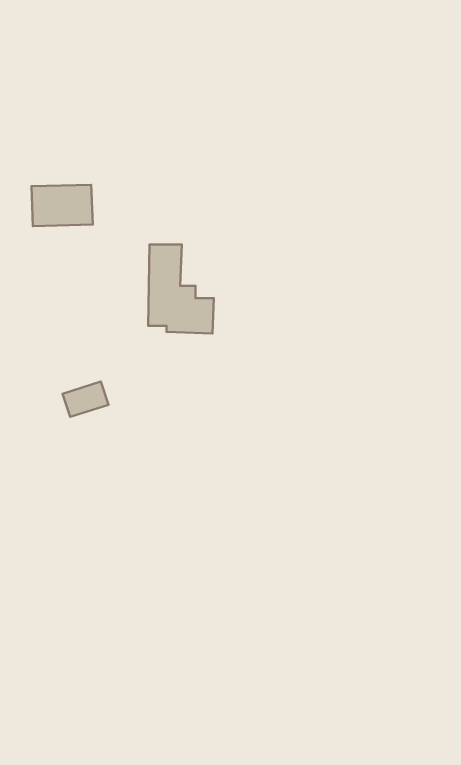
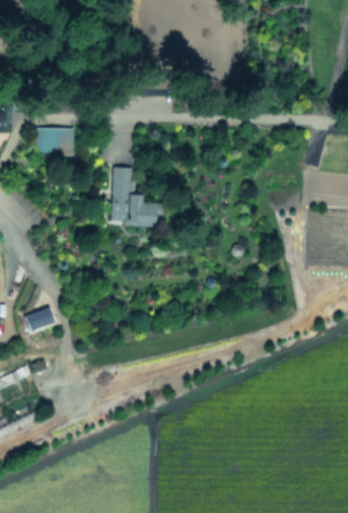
building: [62,382,108,417] -> [25,308,56,331]

